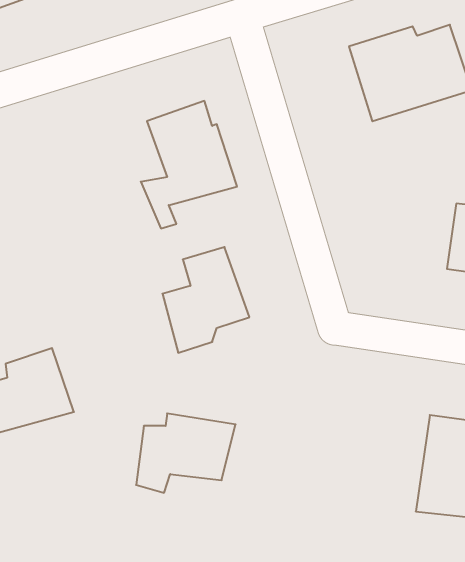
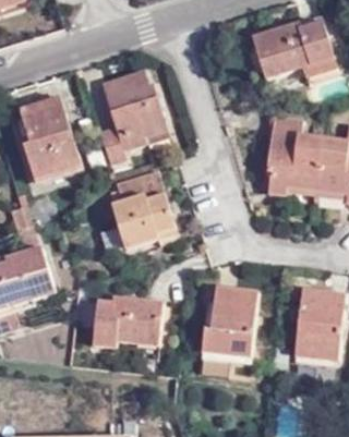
building: none -> [21,98,80,179]
building: none -> [265,122,322,198]
building: none -> [208,287,264,354]

